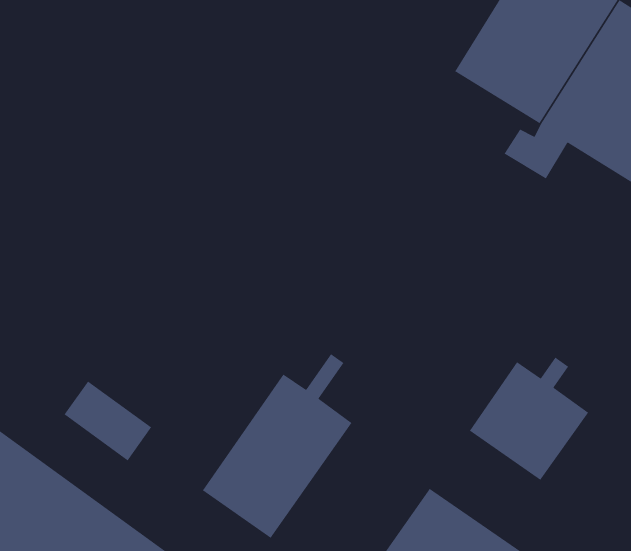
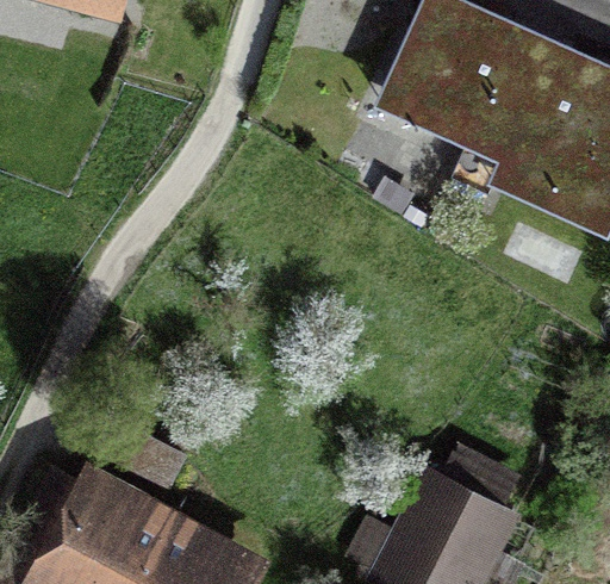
building: [202,353,352,539] -> none
building: [469,356,589,481] -> none

